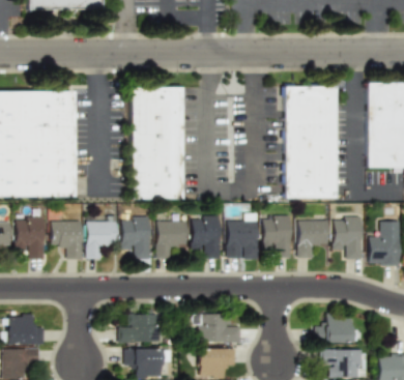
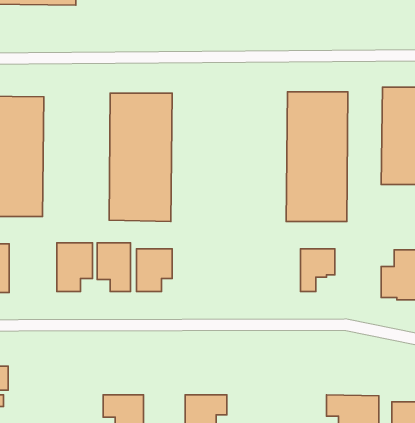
building: [226,213,258,260] -> none
building: [192,216,221,259] -> none
building: [262,216,291,259] -> none
building: [334,217,362,260] -> none
building: [52,222,82,260] -> none
building: [317,314,355,344] -> none
building: [120,315,161,343] -> none
building: [202,315,240,343] -> none

